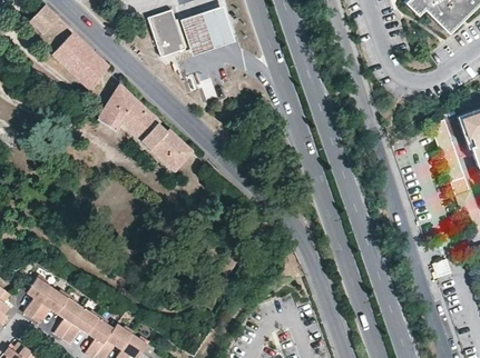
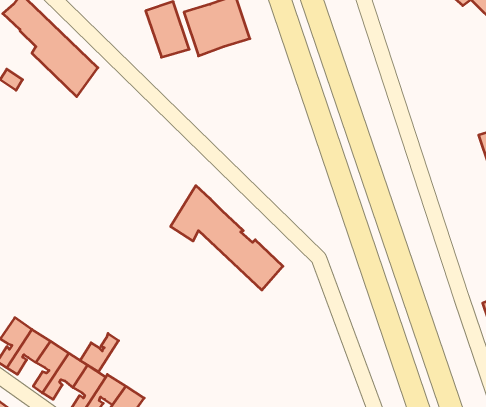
building: [98,82,193,170] -> [171,186,283,290]
building: none -> [80,333,119,372]

